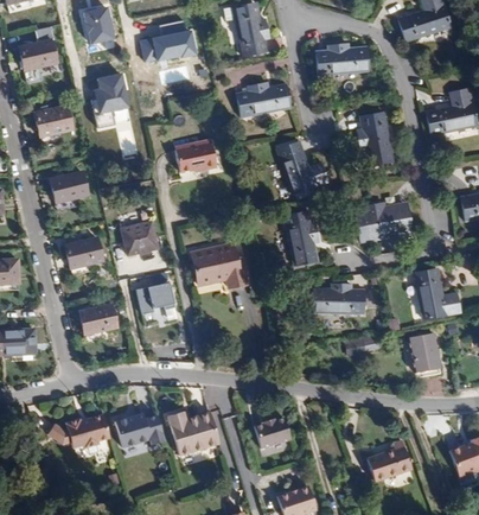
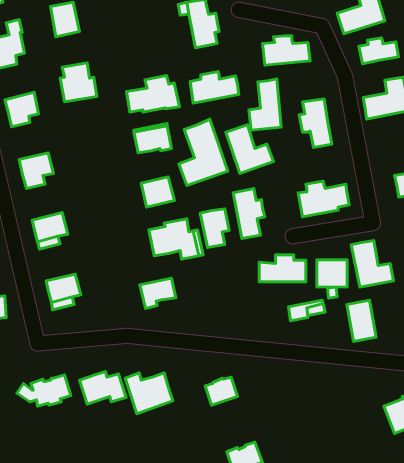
building: [141,20,199,61] -> [127,75,180,112]
building: none -> [359,38,399,64]
building: none -> [249,79,281,130]
building: none -> [179,119,228,186]
building: [121,221,158,254] -> [141,177,175,207]
building: none -> [200,209,229,247]
building: [136,281,175,314] -> [140,278,176,309]
building: none -> [317,260,347,287]
building: [368,439,411,481] -> none

